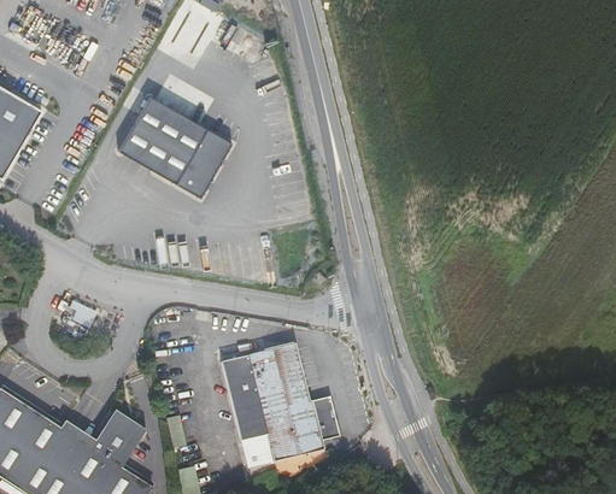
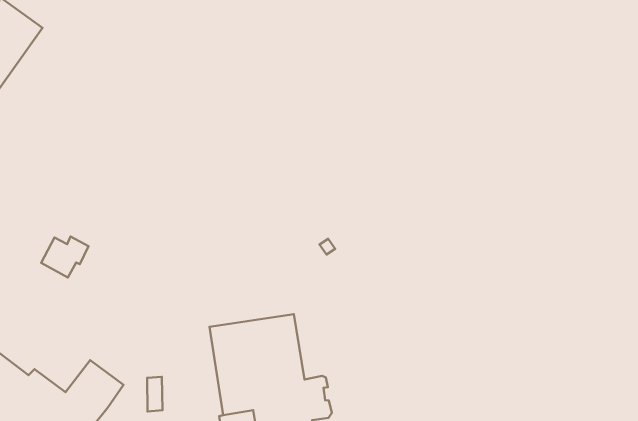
building: [116,96,231,200] -> none

